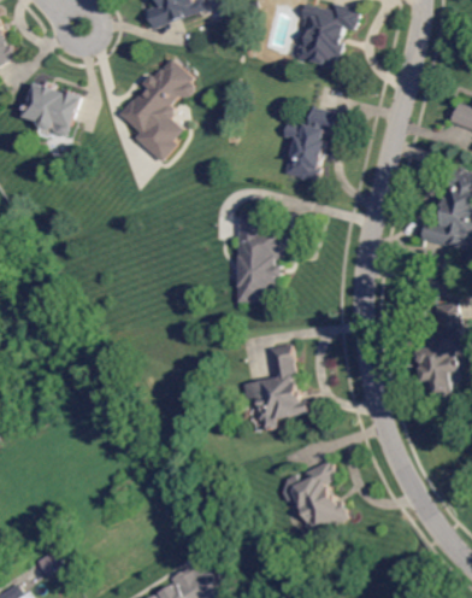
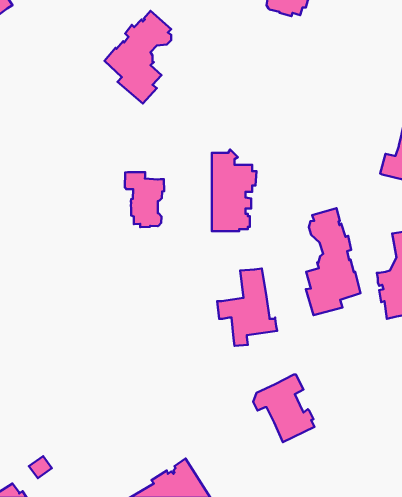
building: [22,82,81,137] -> none
building: [283,106,338,182] -> none
building: none -> [125,172,164,227]
building: none -> [306,208,361,315]

